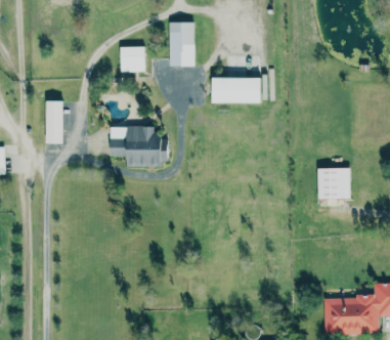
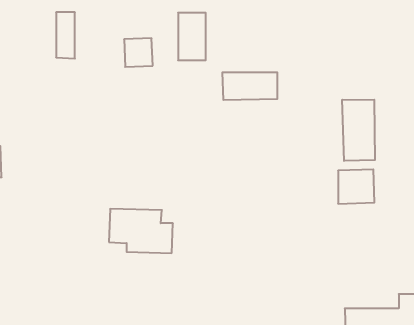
building: [45,100,62,143] -> [56,12,75,59]
building: none -> [342,100,375,161]
building: [109,125,168,166] -> [109,209,173,253]

